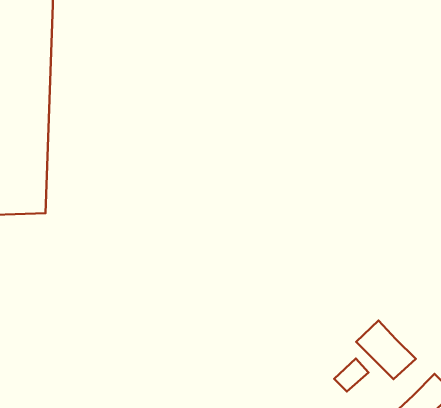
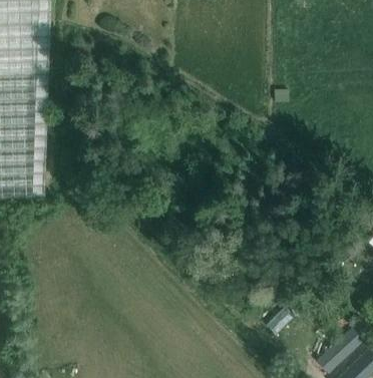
building: [356,321,416,379] -> none

